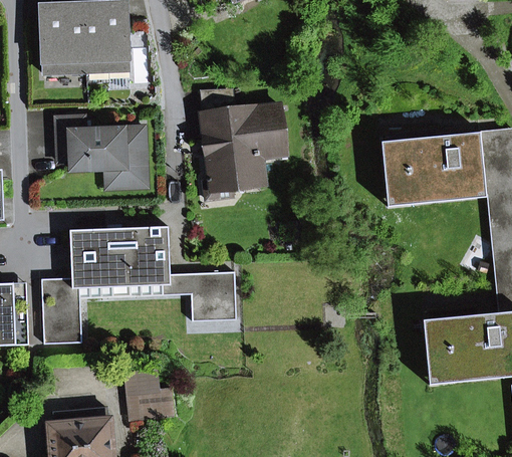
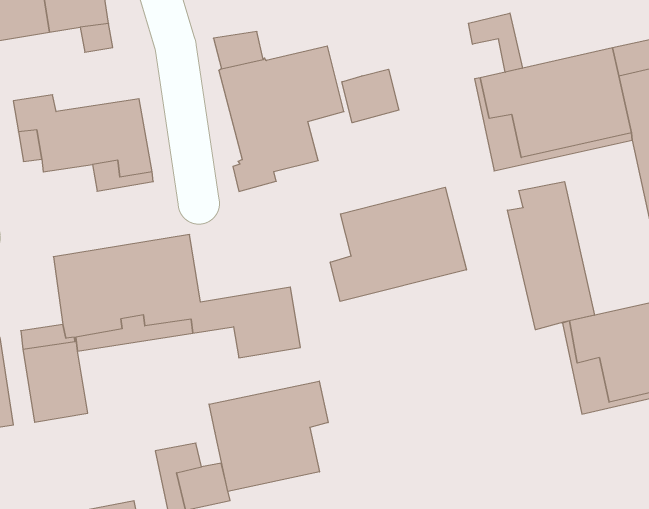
building: none -> [468,13,522,72]
building: none -> [342,69,399,123]
building: none -> [330,187,466,301]
building: none -> [507,182,595,330]
building: none -> [209,381,328,491]

